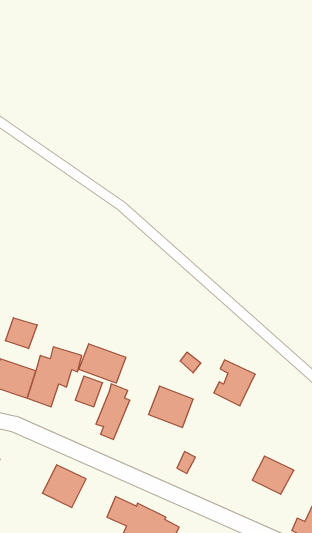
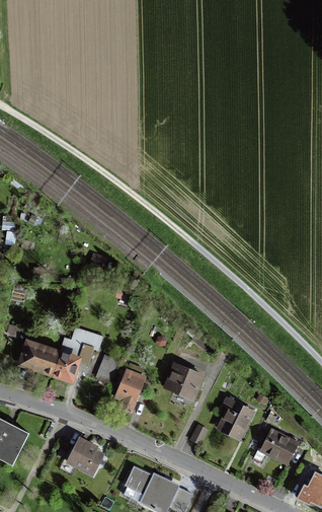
building: [6,318,37,349] -> none
building: [79,344,126,383] -> none
building: [214,360,255,406] -> [215,398,253,441]

